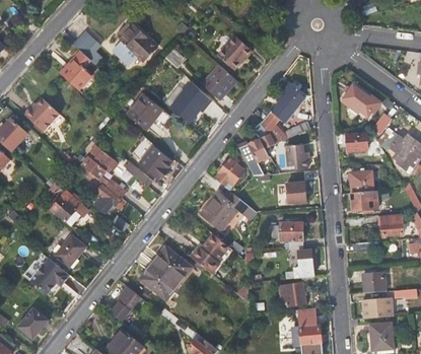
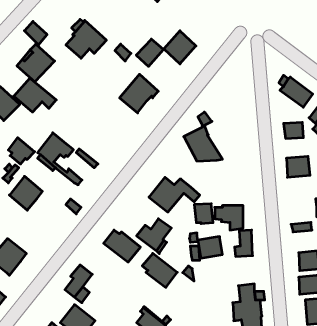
building: [206,68,235,97] -> [136,39,164,66]
building: [262,84,310,143] -> none
building: [126,93,171,130] -> [14,78,56,112]
building: [285,143,307,168] -> none
building: [139,147,171,179] -> none
building: [214,158,244,189] -> none
building: [285,182,305,203] -> [194,204,213,224]
building: [91,185,120,213] -> [8,138,35,164]
building: [350,190,377,210] -> none
building: [55,234,85,266] -> none
building: [141,263,179,299] -> [142,253,177,287]
building: [279,282,305,305] -> [198,237,222,258]

